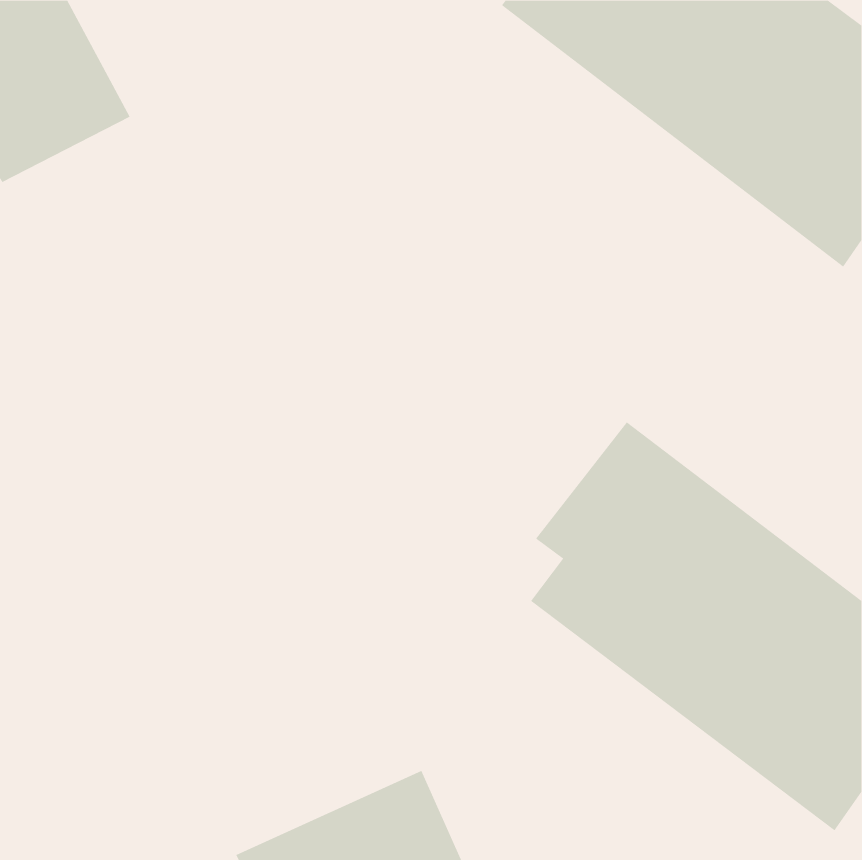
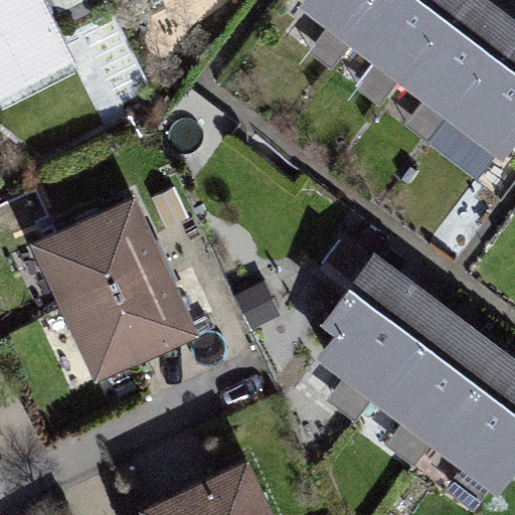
building: none -> [29,195,199,383]

